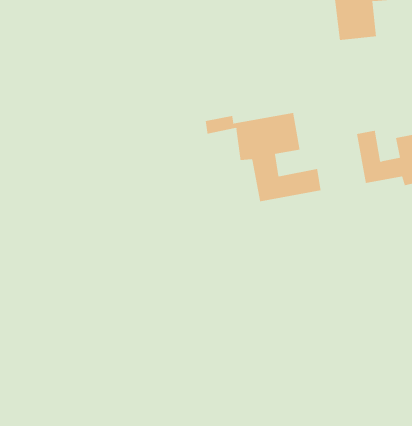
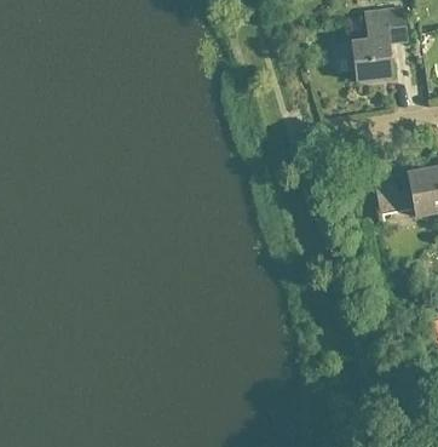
building: [205,112,321,202] -> none

